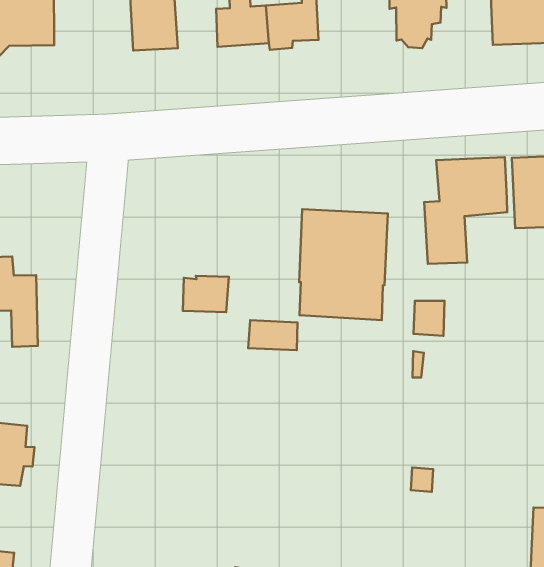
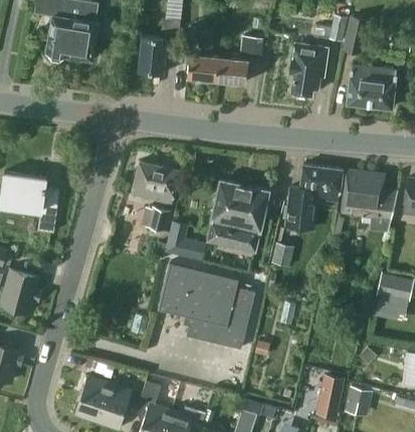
building: none -> [132,161,180,204]
building: none -> [159,261,255,349]

